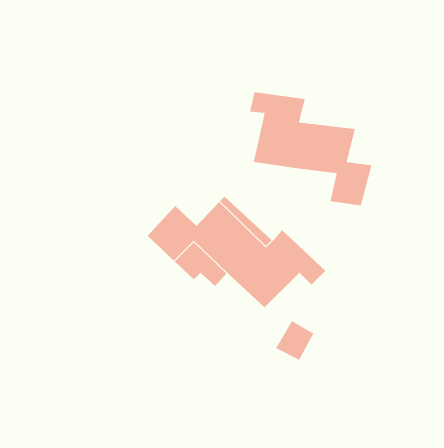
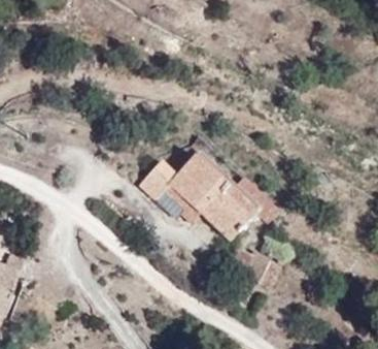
building: [249,91,372,206] -> none

